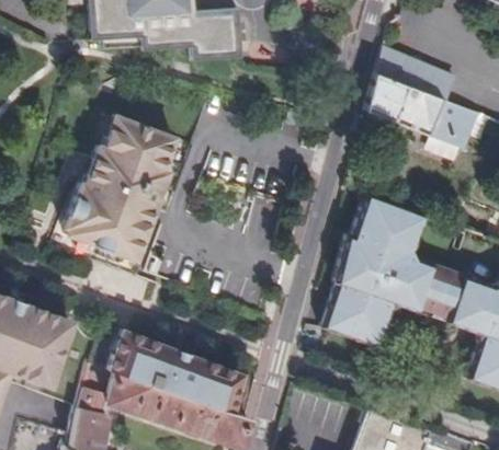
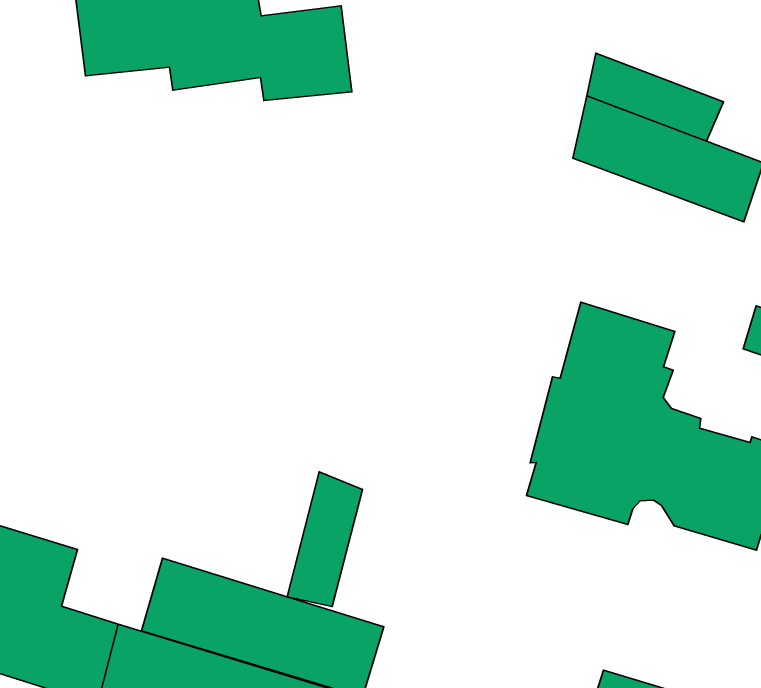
building: [60,111,177,261] -> none
building: none -> [287,472,363,607]
building: [321,301,387,347] -> none

